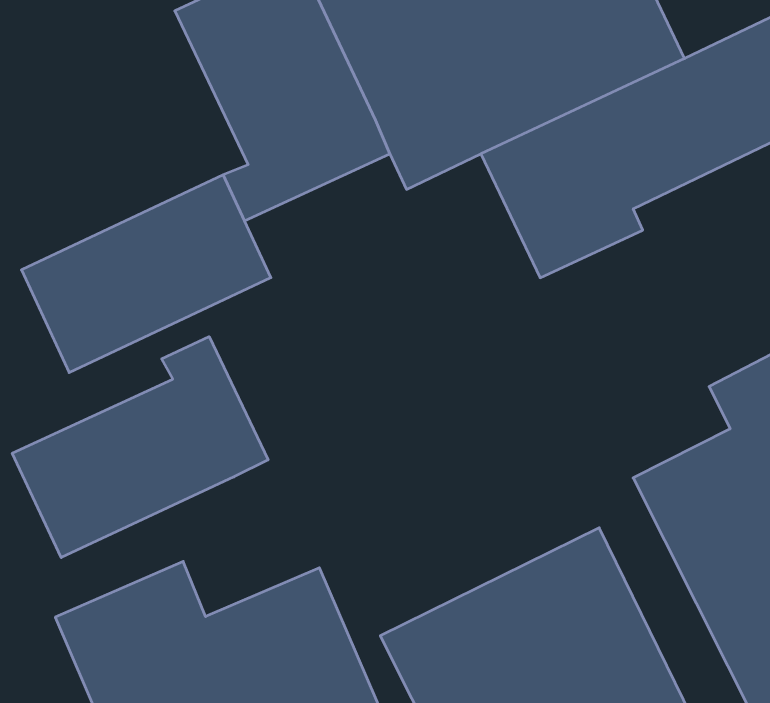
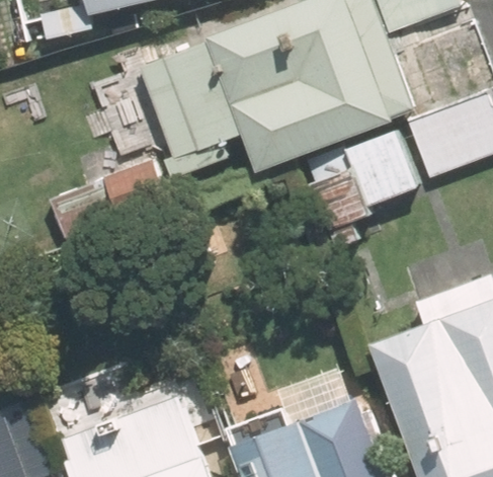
building: [12,337,268,558] -> none

